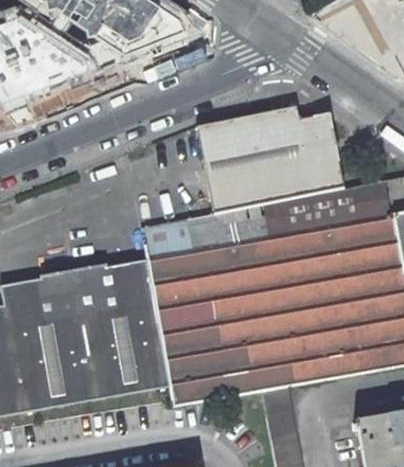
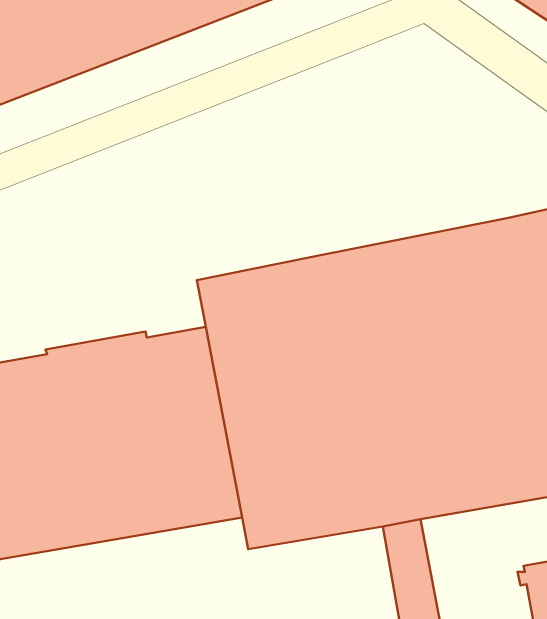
building: [197,105,345,213] -> none

